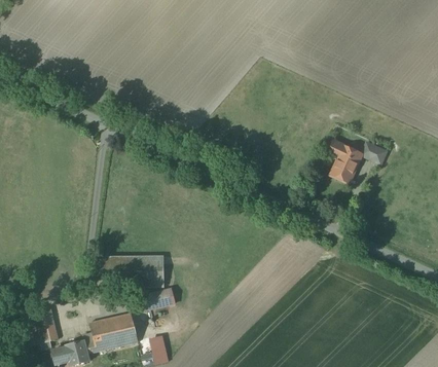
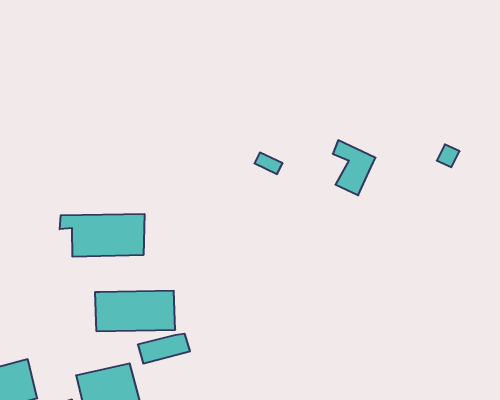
building: [330,141,363,183] -> [333,140,376,195]
building: none -> [60,214,144,257]

